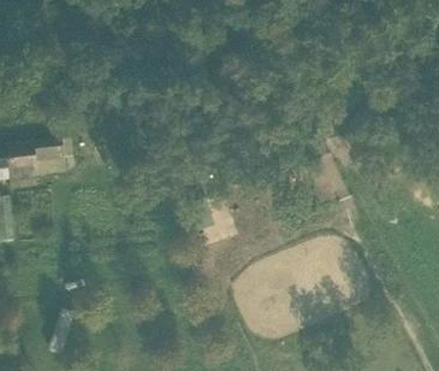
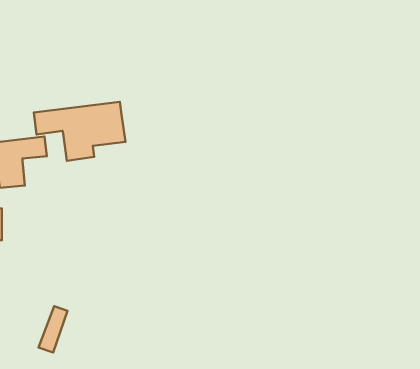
building: none -> [34,102,125,161]

